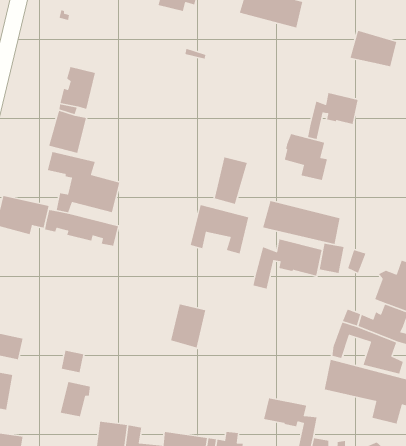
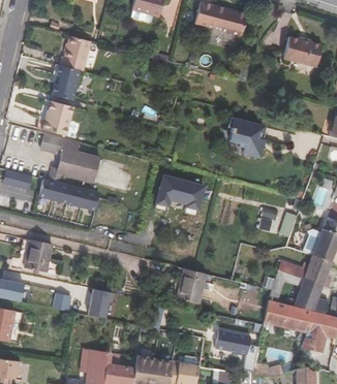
building: none -> [59,34,90,71]
building: [307,92,359,140] -> none
building: [214,157,248,205] -> none
building: [262,200,341,245] -> none
building: [253,238,323,289] -> none
building: none -> [24,239,52,273]
building: [170,303,206,349] -> [176,268,205,305]
building: [60,381,91,417] -> [87,289,112,318]

